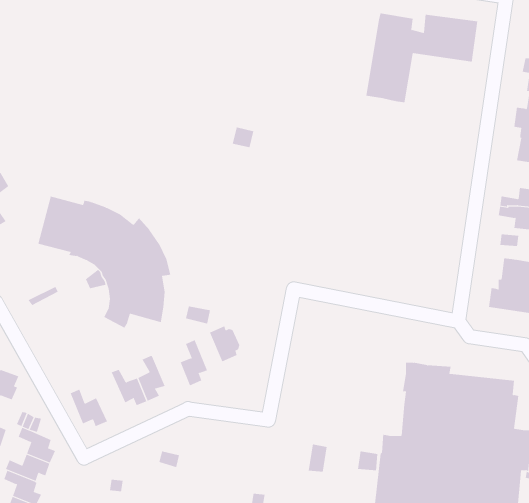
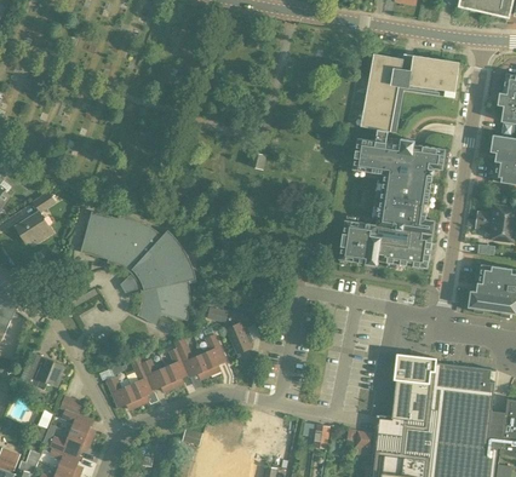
building: none -> [337,127,445,268]
building: none -> [174,337,210,378]
building: none -> [130,357,155,404]

